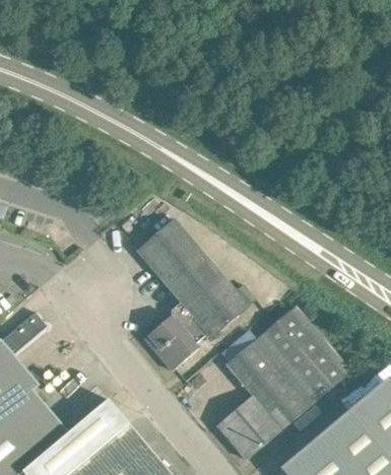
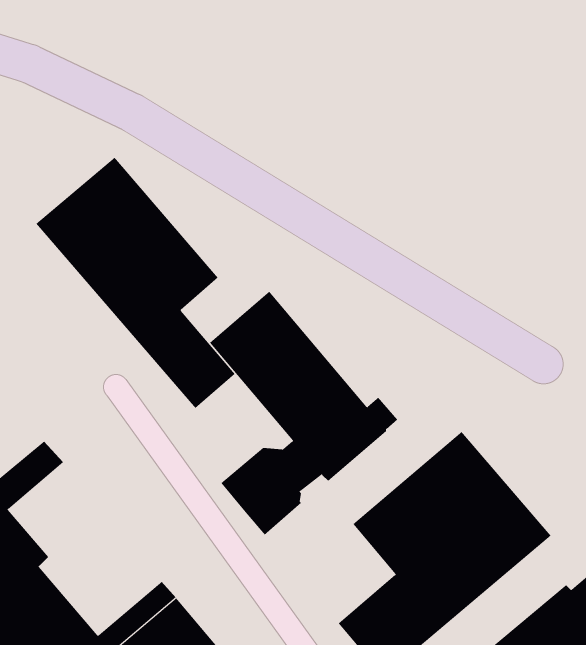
building: none -> [36,157,236,409]

